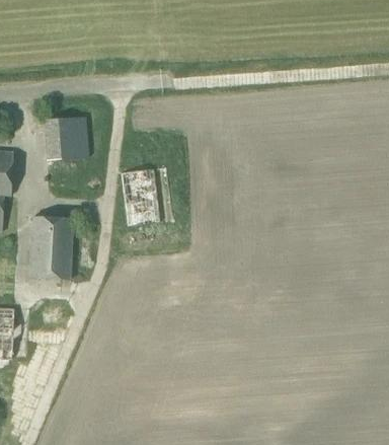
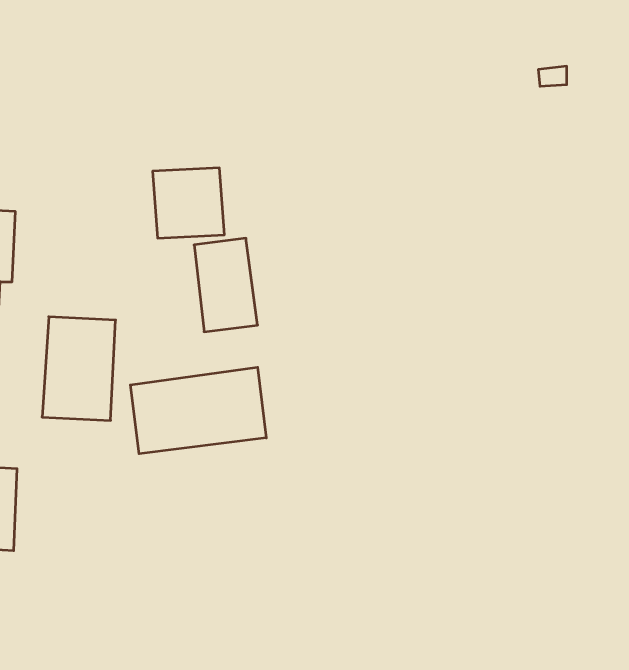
building: [45,117,88,159] -> [153,168,224,238]
building: none -> [130,367,266,454]

